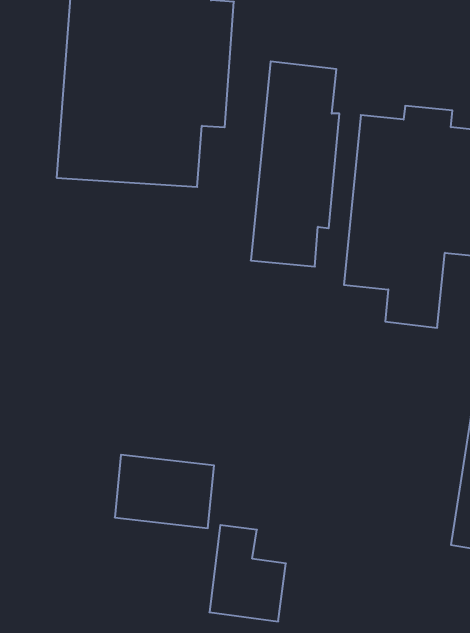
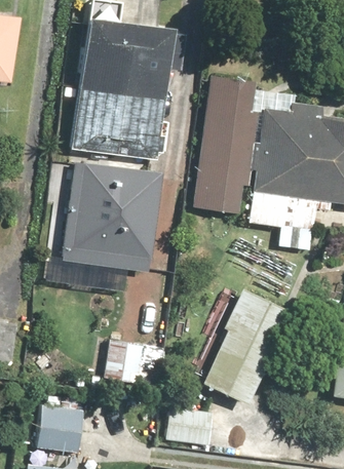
building: none -> [62,161,161,269]
building: none -> [195,285,298,408]
building: none -> [39,399,87,452]

